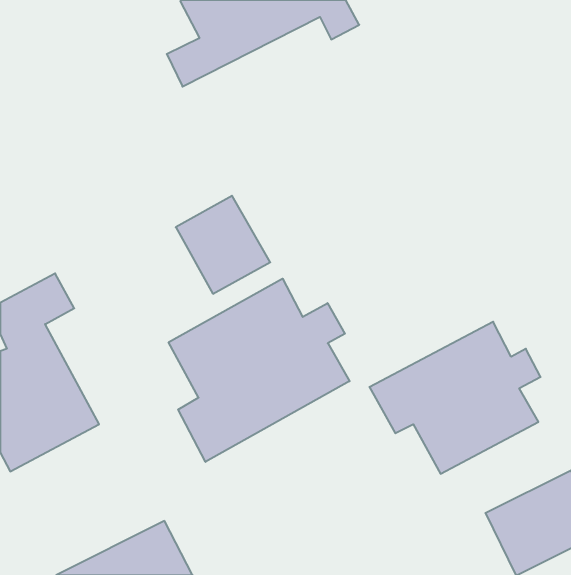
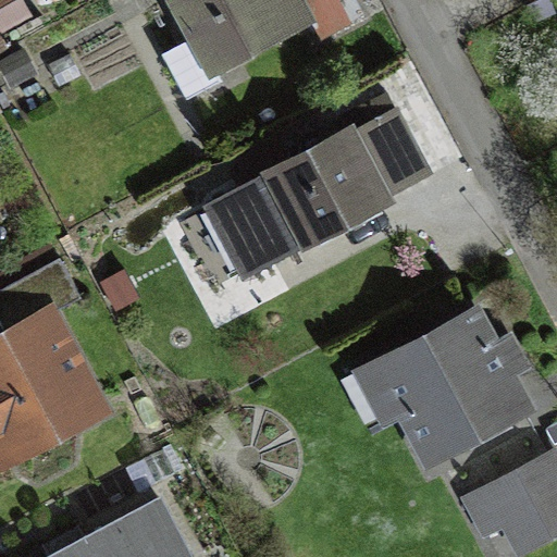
building: none -> [280,114,422,235]
building: [169,279,350,462] -> none

